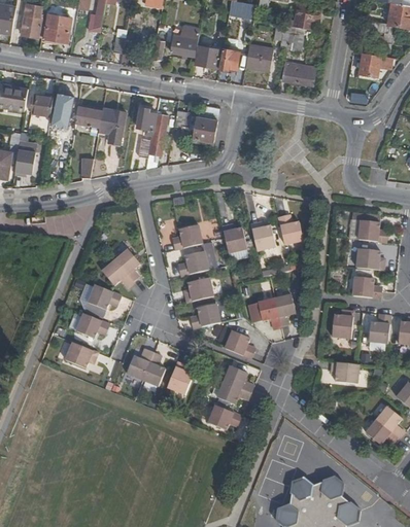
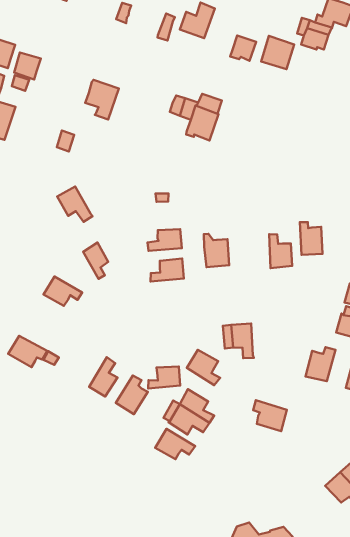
building: [195,44,219,67] -> none
building: [281,62,315,83] -> none
building: [49,92,72,128] -> none
building: [74,105,100,125] -> none
building: [135,106,166,157] -> none
building: [251,224,276,254] -> [300,222,323,255]
building: [102,260,136,290] -> [57,187,92,222]
building: [184,279,214,303] -> none
building: [275,296,296,327] -> none
building: [192,306,220,329] -> [148,366,180,388]
building: [76,315,110,340] -> none
building: [126,347,152,379] -> none
building: [330,362,360,386] -> [253,400,287,431]

